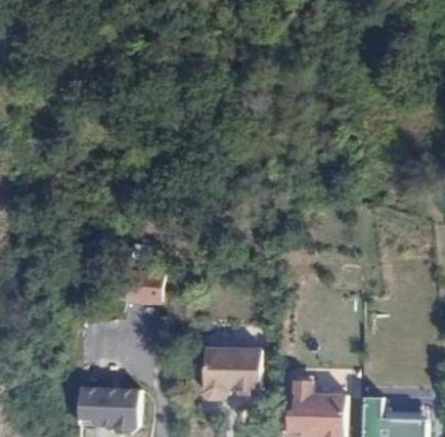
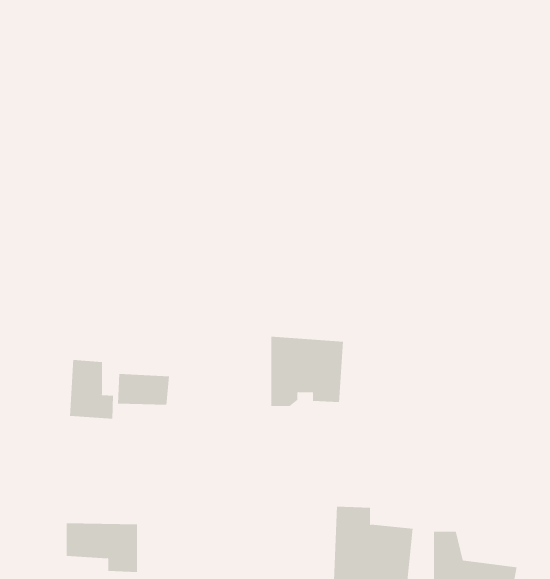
building: none -> [70,359,113,420]
building: [208,350,262,402] -> [271,336,344,407]

